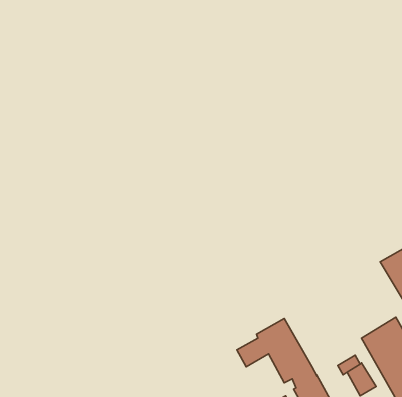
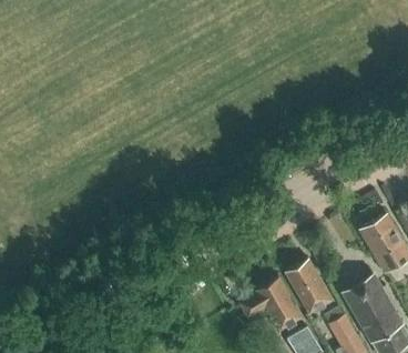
building: none -> [285,260,332,314]

